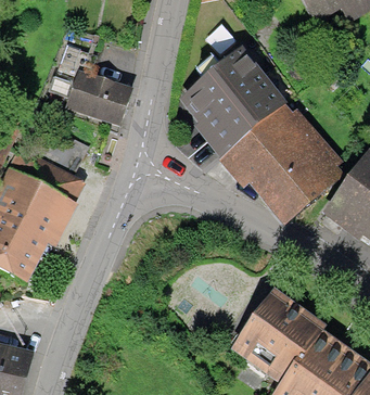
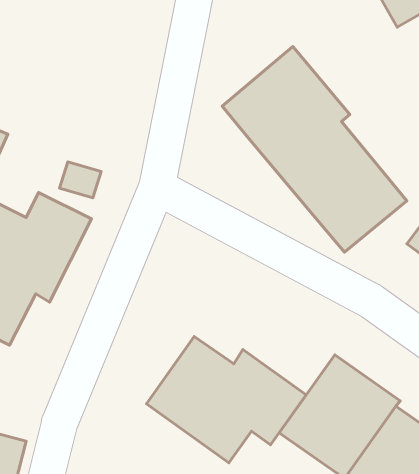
building: [48,44,129,126] -> none
building: none -> [147,336,306,463]

